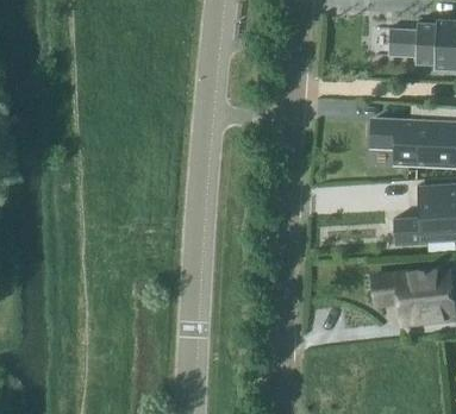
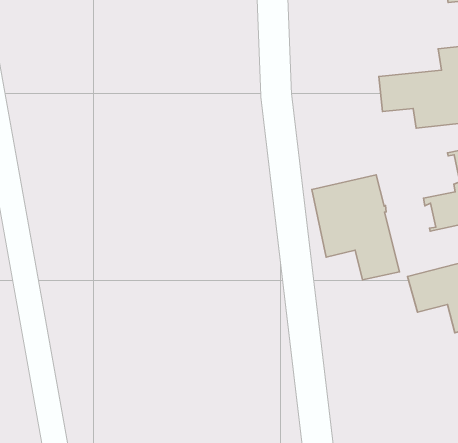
building: none -> [312,175,399,280]

